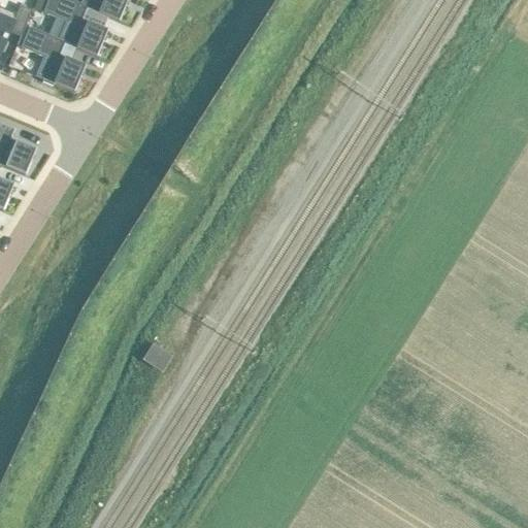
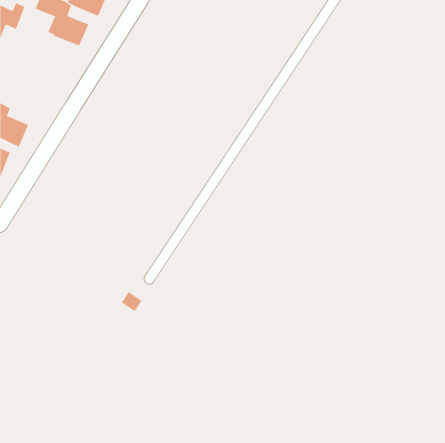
building: [20,25,84,91] -> none

